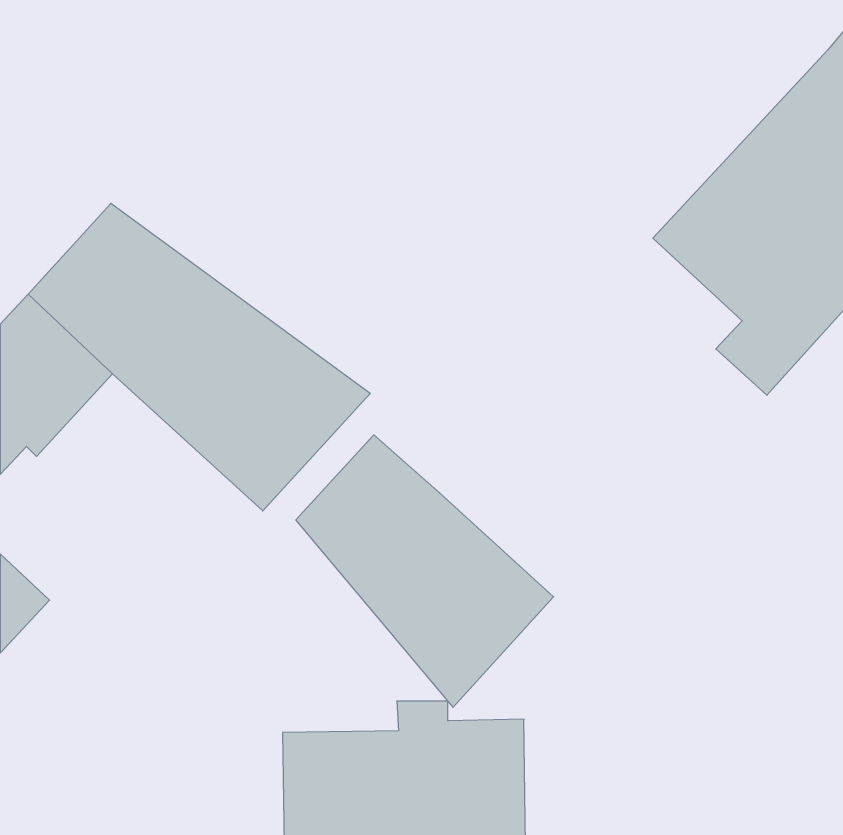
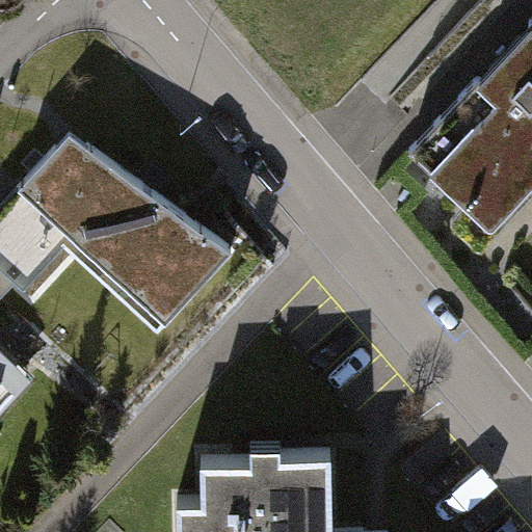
building: [296,435,554,707] -> none

